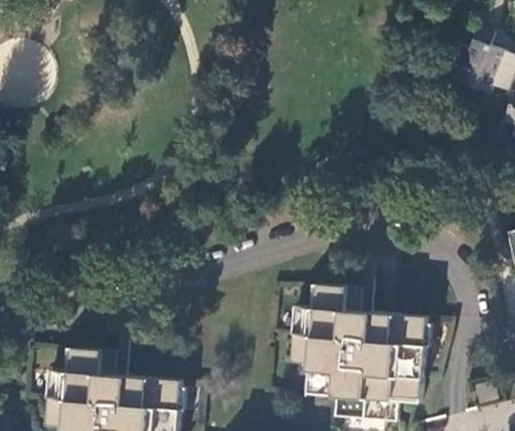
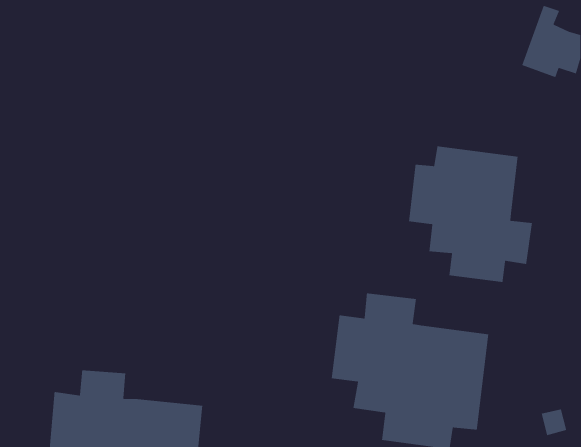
building: none -> [408,145,533,283]

